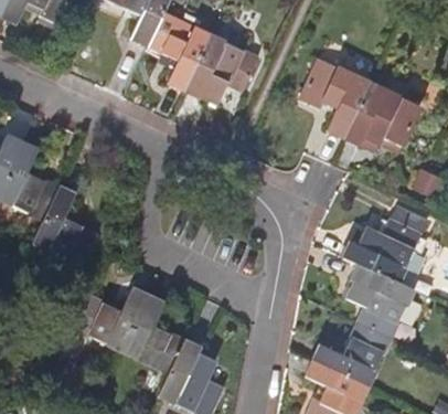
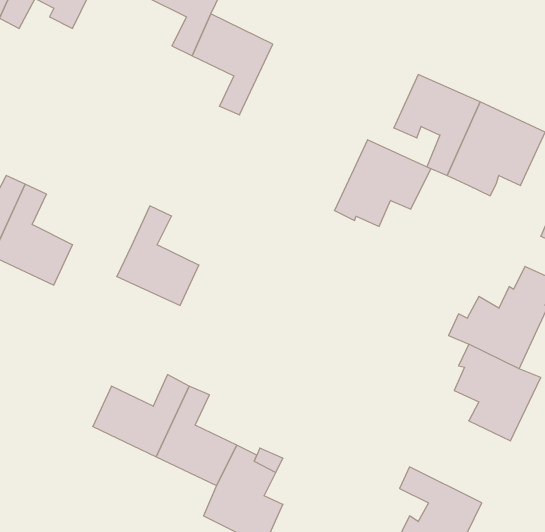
building: [184,35,258,102] -> [334,140,431,226]
building: [31,189,94,265] -> [117,206,199,305]
building: [314,323,392,386] -> none

